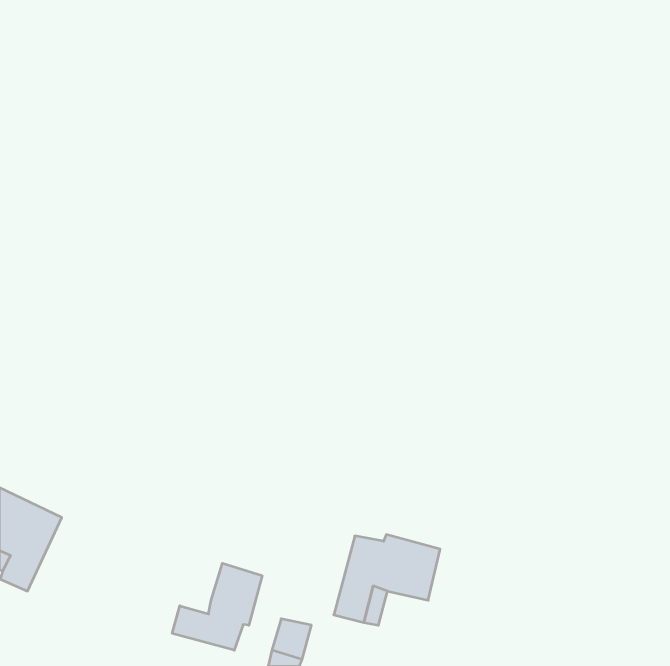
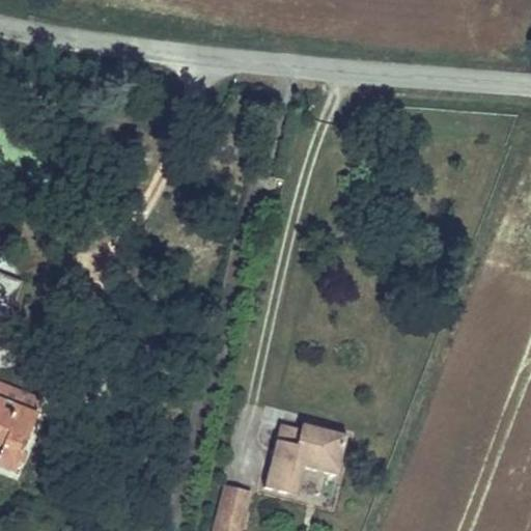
building: [172,563,262,650] -> none

